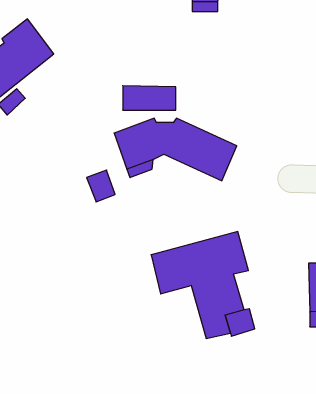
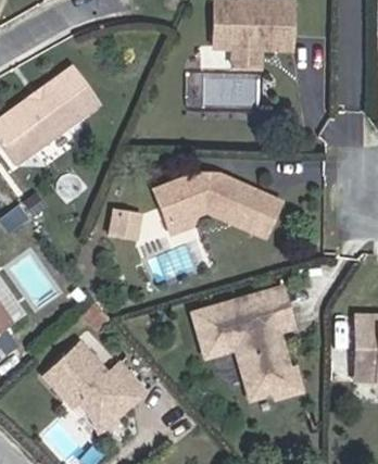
building: [123,86,176,110] -> [206,71,261,96]
building: none -> [47,349,147,417]

